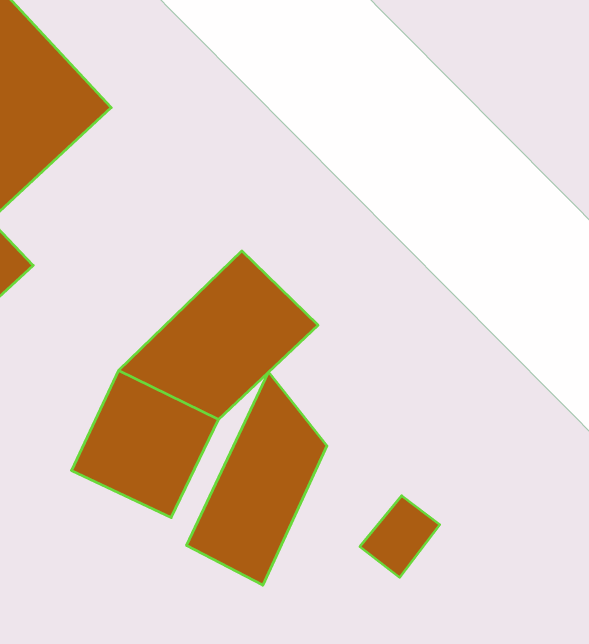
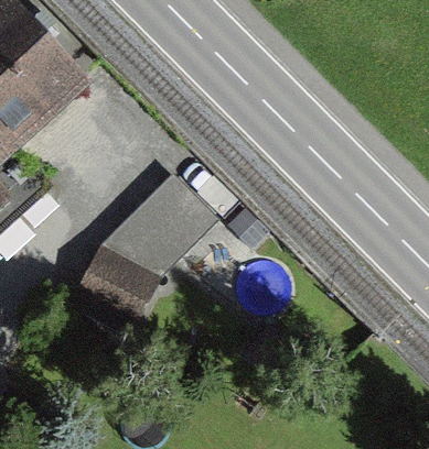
building: [187,372,327,585] -> none

